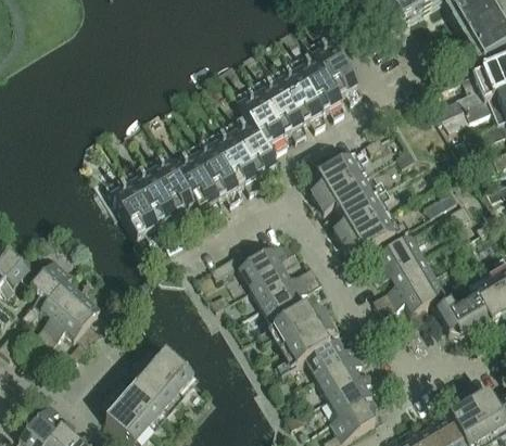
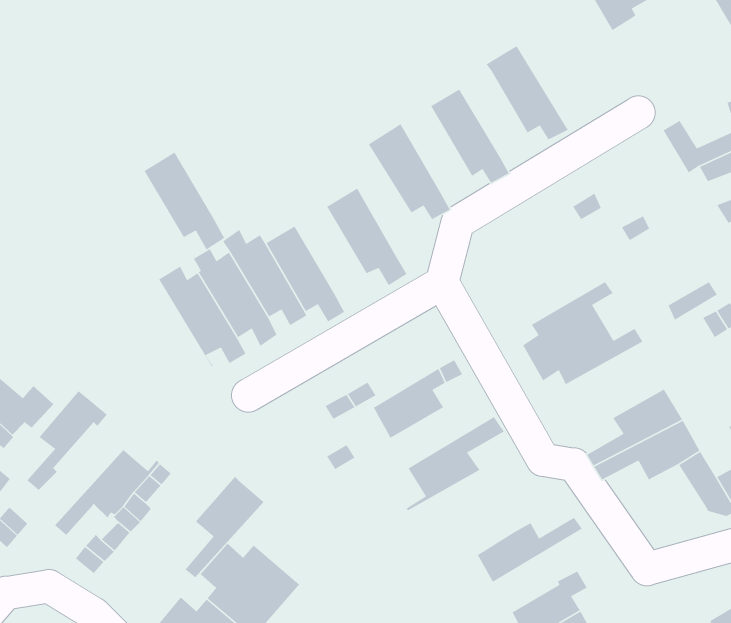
building: [294,58,345,117] -> none
building: [257,79,307,140] -> none
building: [230,120,280,181] -> none
building: [191,142,242,204] -> [144,152,225,250]
building: [311,149,385,216] -> none
building: [375,237,422,281] -> none
building: [251,265,316,306] -> none
building: [34,278,84,342] -> [185,476,264,578]
building: [262,307,334,371] -> none
building: [315,344,376,396] -> none

